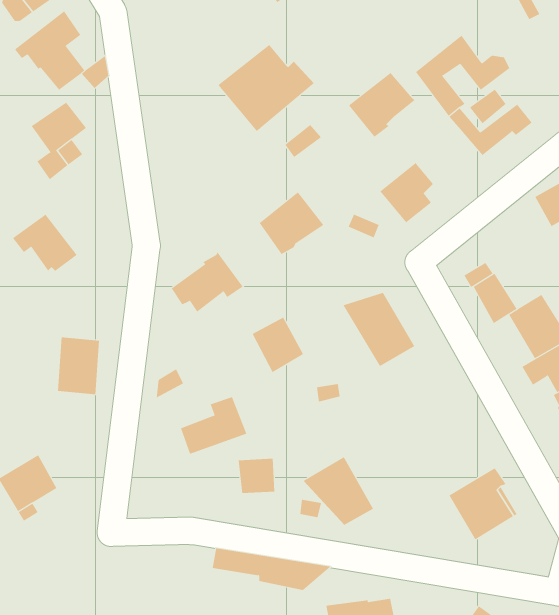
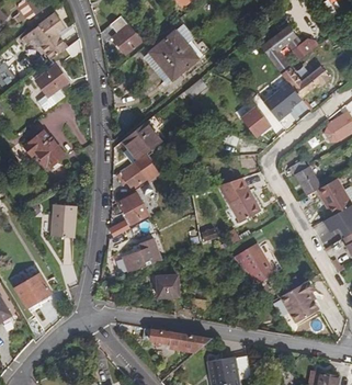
building: none -> [111,14,140,54]
building: [348,72,415,137] -> [262,81,302,120]
building: [259,191,324,255] -> [123,122,161,159]
building: [252,317,304,373] -> [118,191,149,224]
building: [303,457,374,526] -> [232,240,274,281]

